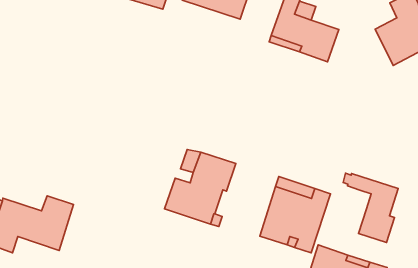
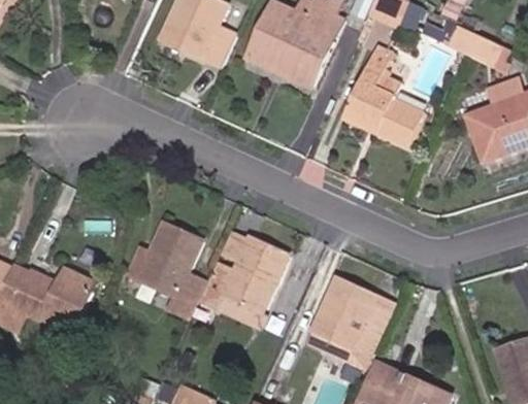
building: none -> [126,222,202,315]
building: [343,173,398,243] -> none

